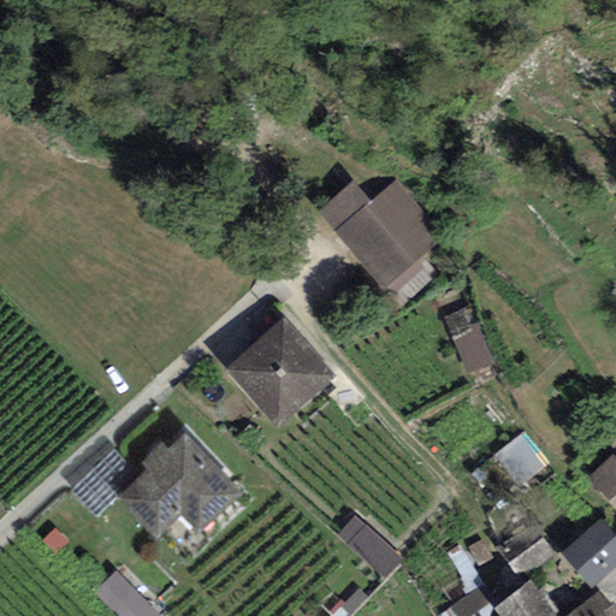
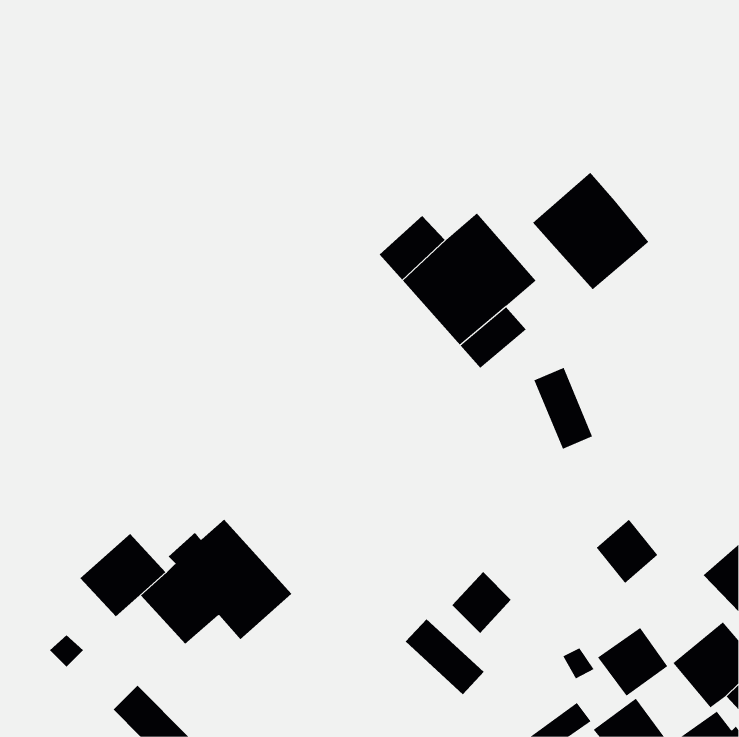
building: none -> [532,172,649,290]
building: [227,319,334,426] -> none
building: none -> [452,571,512,634]

